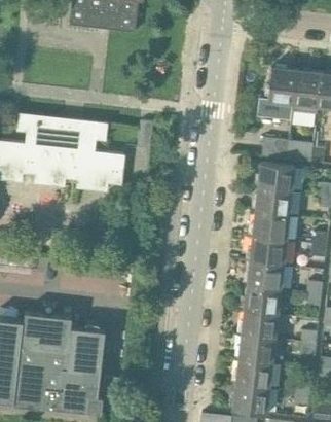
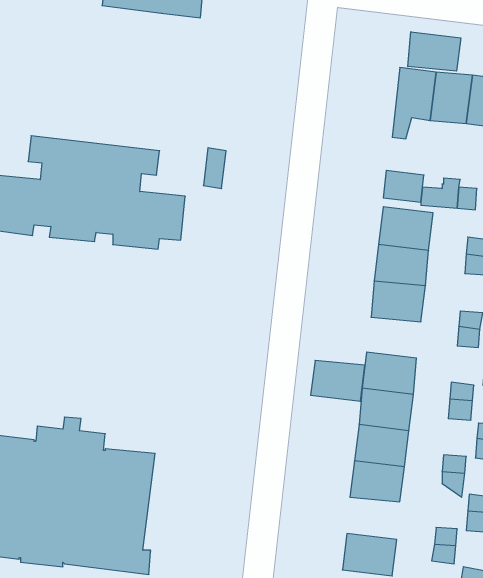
building: none -> [408,32,461,71]
building: [250,237,287,265] -> [311,360,365,401]
building: [236,359,272,388] -> none

